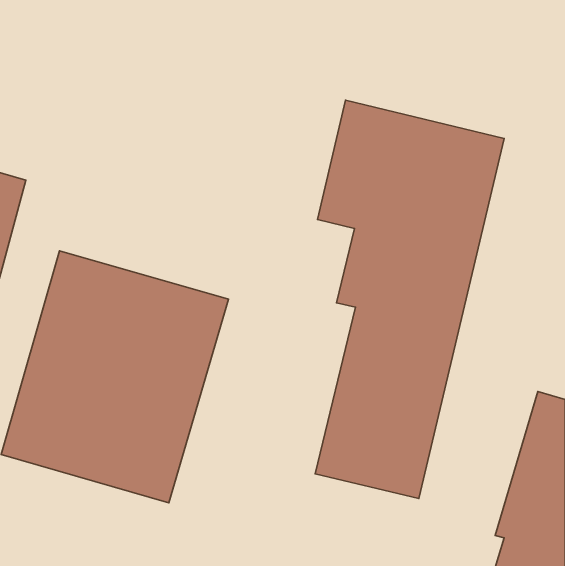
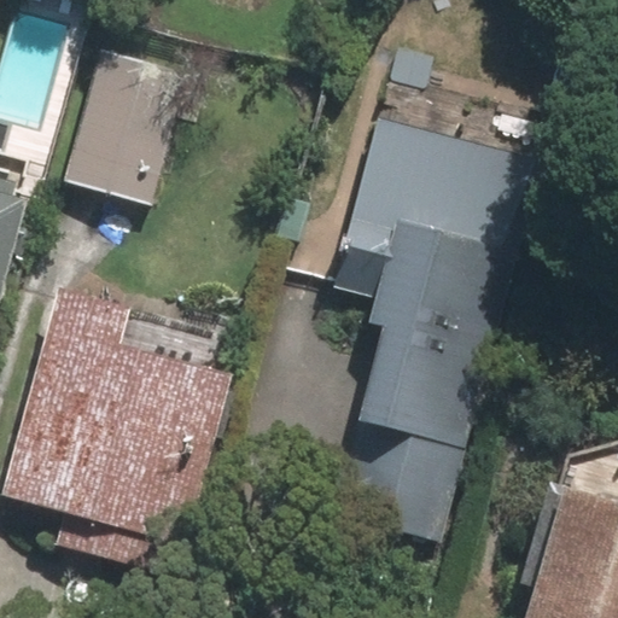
building: none -> [58,47,183,210]

